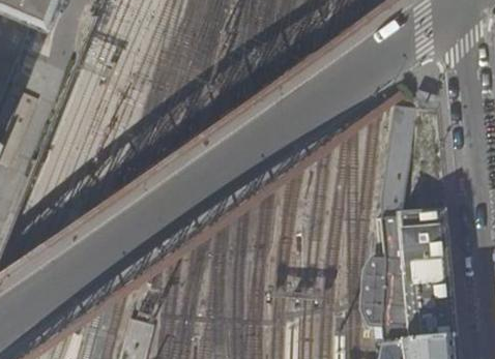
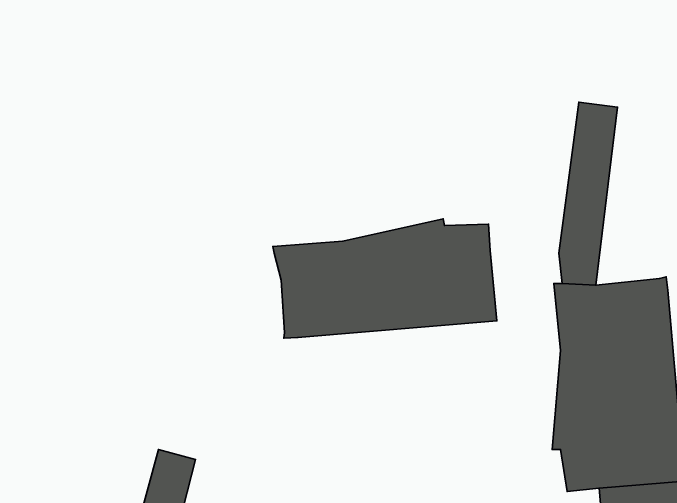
building: none -> [273,219,497,338]

